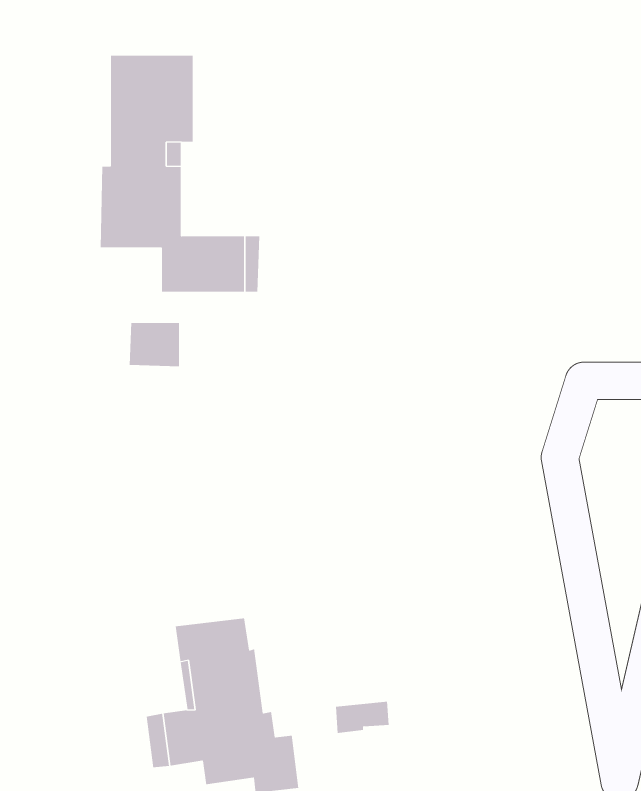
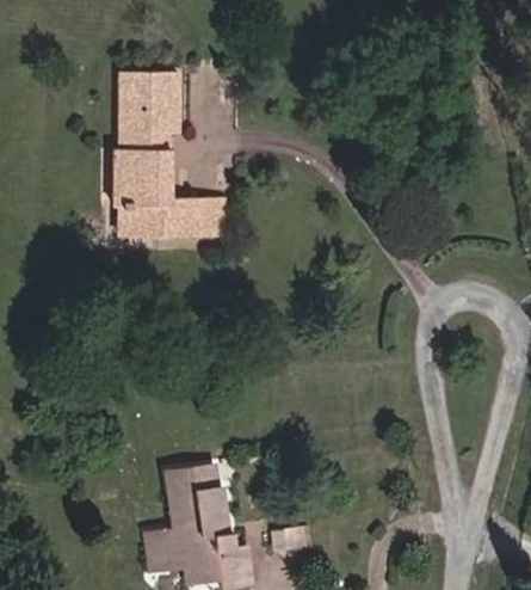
building: [129,323,180,367] -> [119,207,155,238]

